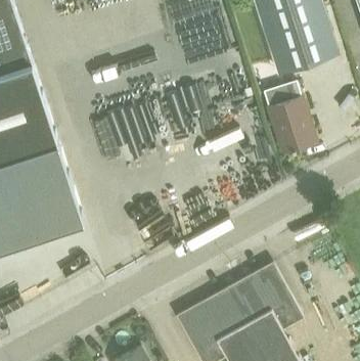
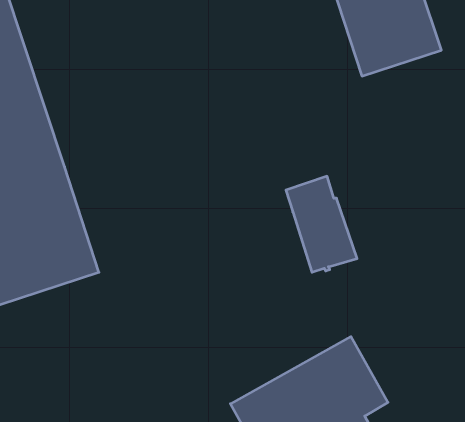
building: [264,81,317,152] -> [286,176,357,272]

